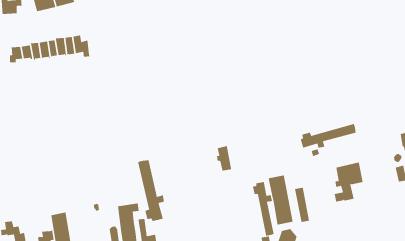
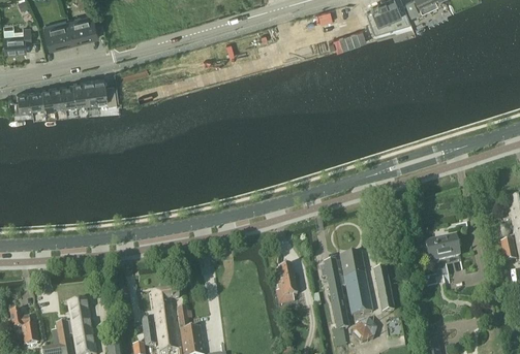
building: [300,123,356,149] -> none
building: [216,146,232,171] -> [276,265,296,297]
building: [137,160,164,222] -> none

